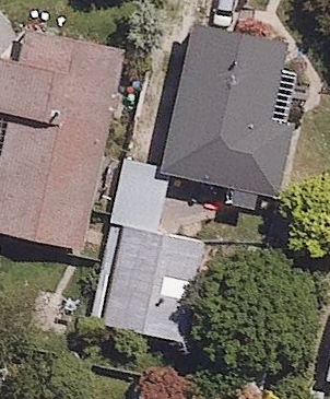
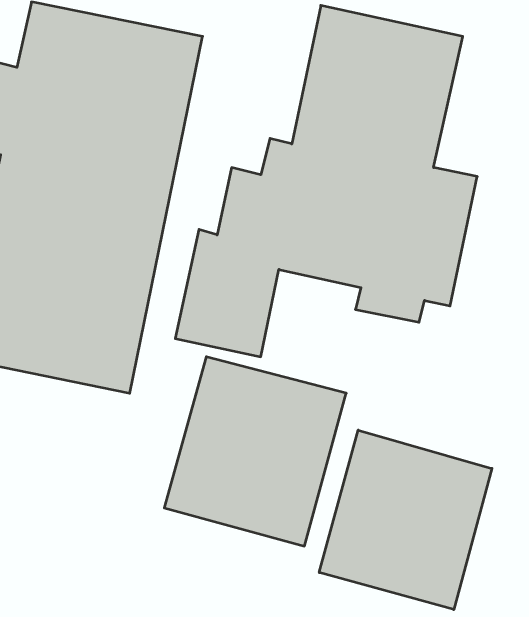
building: none -> [319,430,492,610]

